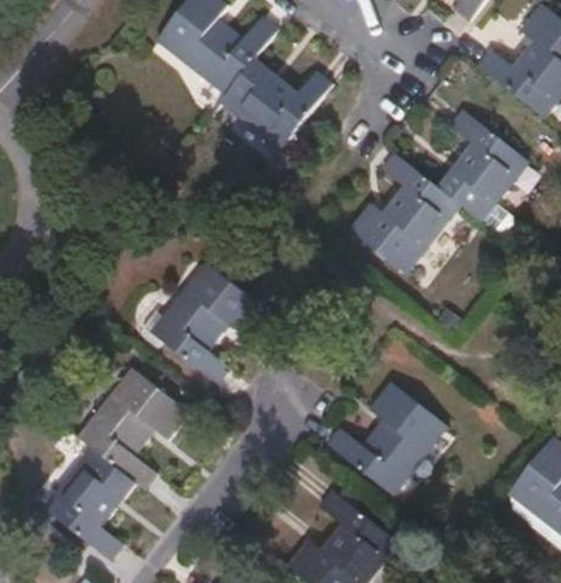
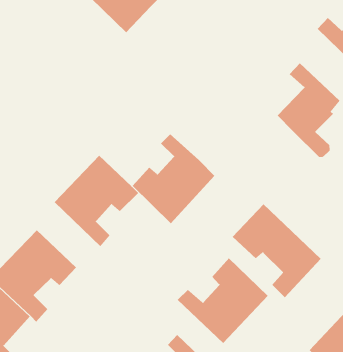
building: [221,58,333,149] -> none
building: [350,155,459,275] -> [132,133,215,224]
building: none -> [232,204,321,298]

